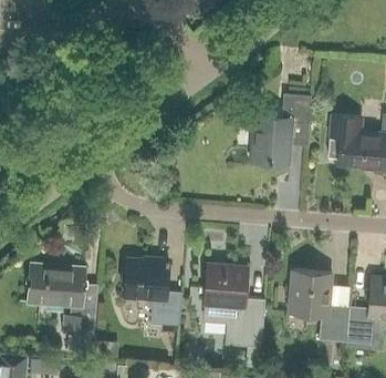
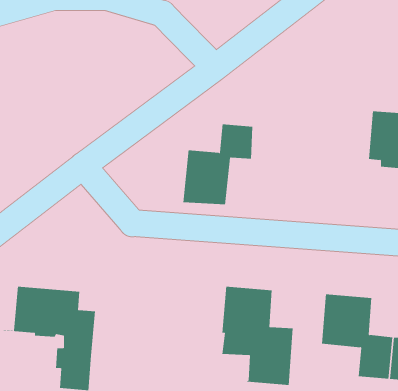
building: [250,94,310,163] -> [183,124,253,205]
building: [124,259,181,327] -> none

